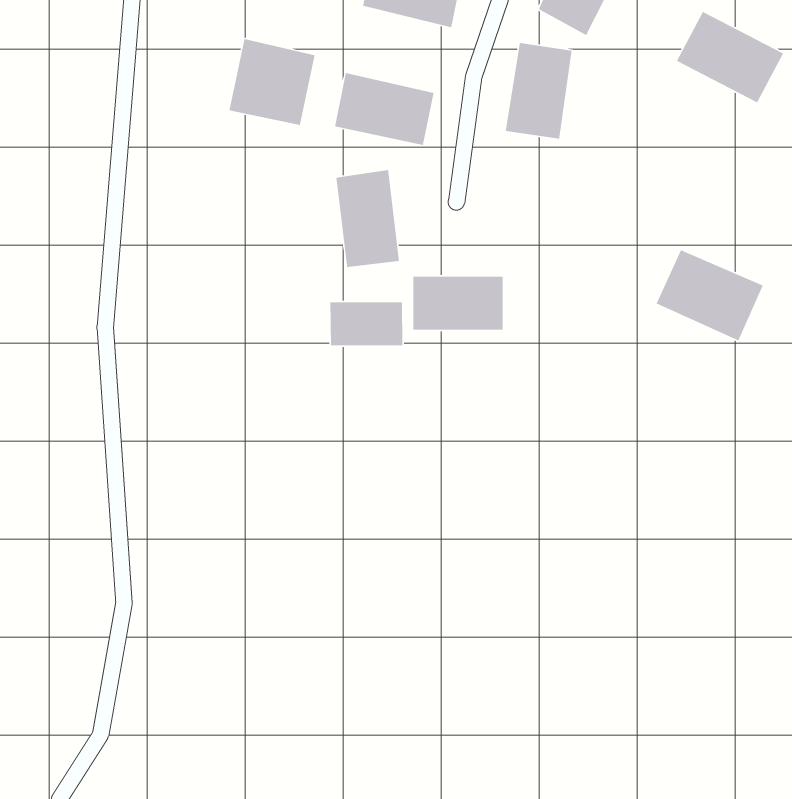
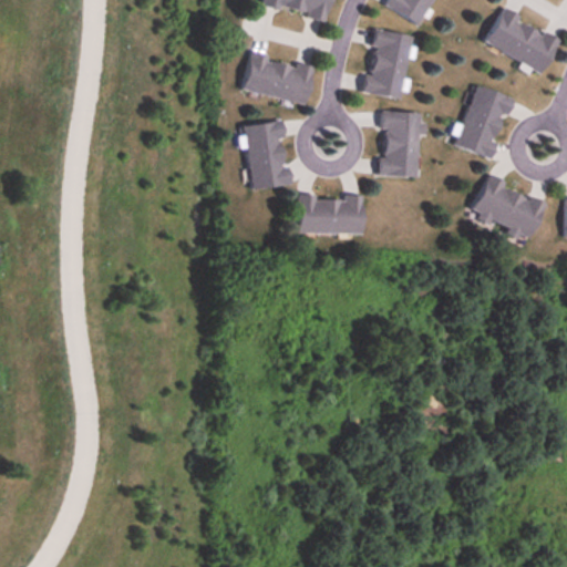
building: [228,38,315,126] -> none
building: none -> [455,86,511,158]
building: none -> [380,111,421,178]
building: [330,301,403,346] -> none

